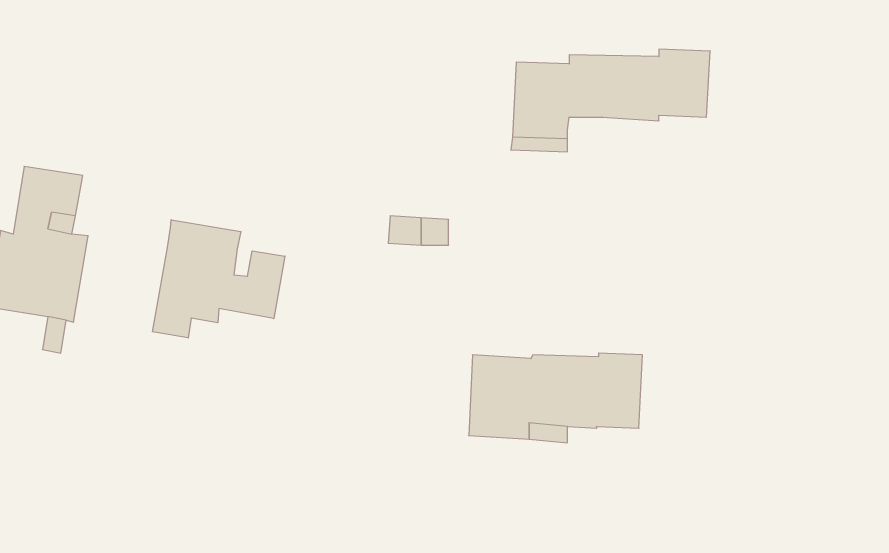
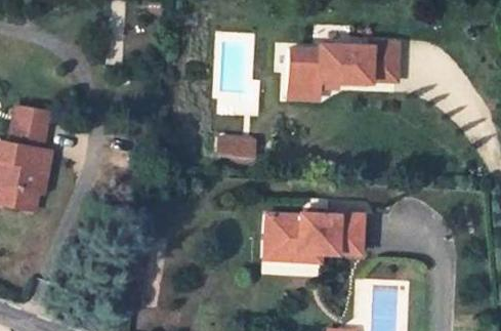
building: [153,220,285,338] -> none

